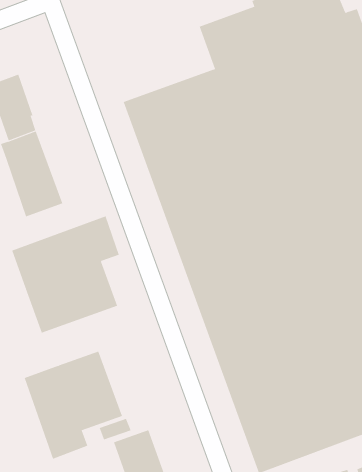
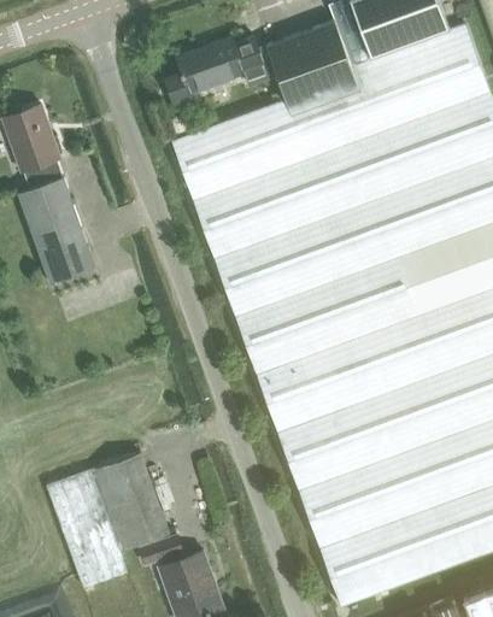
building: none -> [166,37,272,107]
building: [11,215,120,333] -> none

